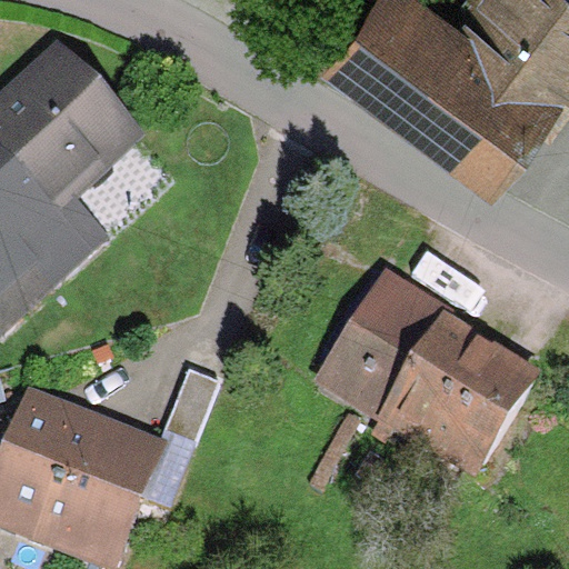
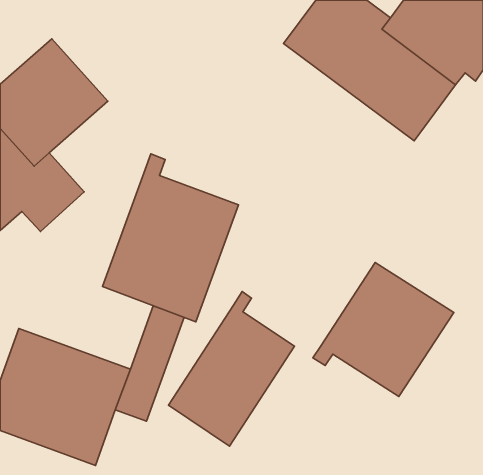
building: none -> [102,154,239,322]
building: [316,278,441,417] -> none
building: none -> [168,292,295,446]

